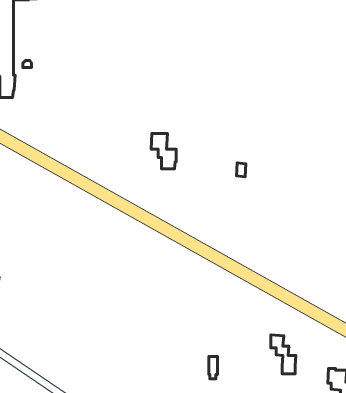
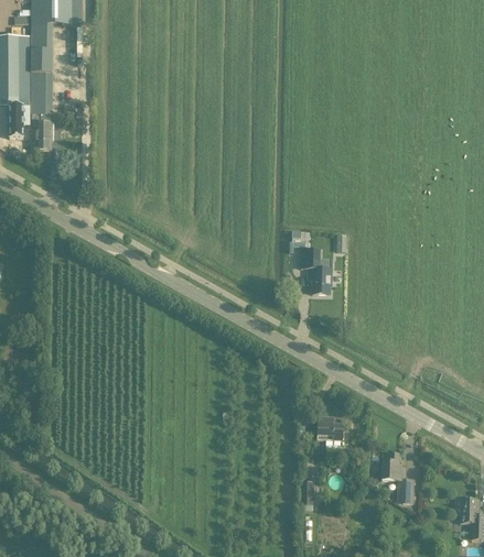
building: [151,134,176,169] -> [299,247,331,292]
building: none -> [315,414,343,438]

